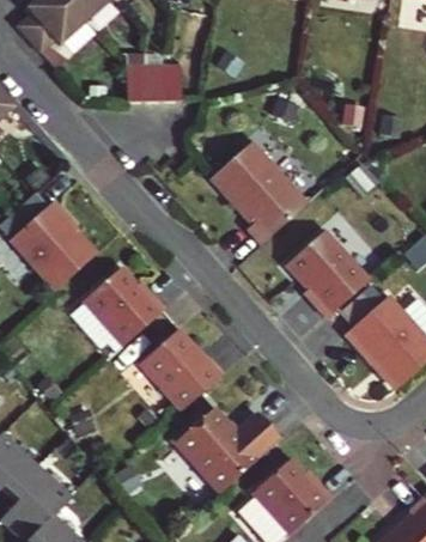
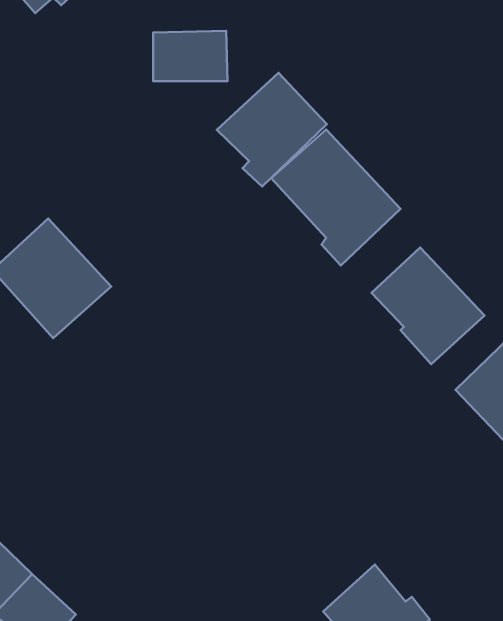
building: none -> [217,73,327,186]
building: [83,269,164,348] -> none
building: [139,330,223,412] -> none
building: [175,409,282,494] -> none

